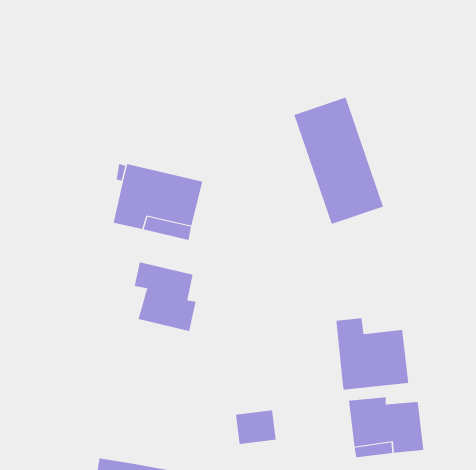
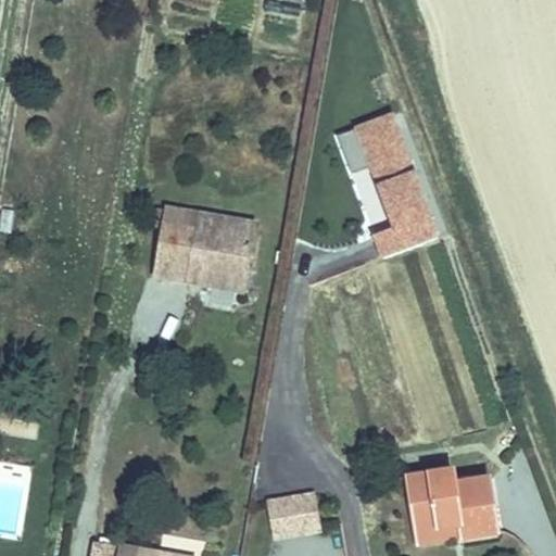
building: [134,262,196,332] -> none
building: [336,318,409,391] -> none

